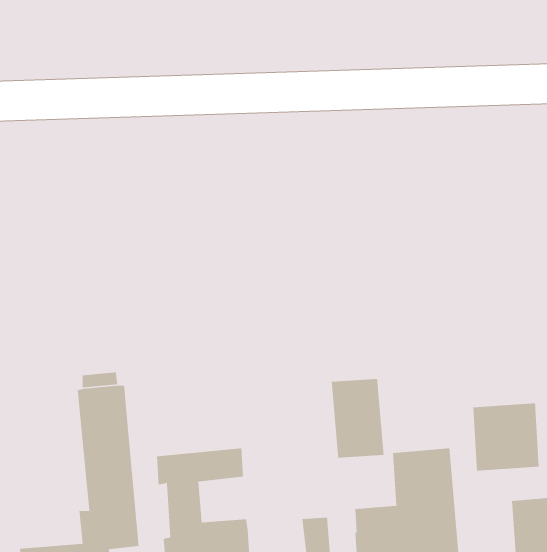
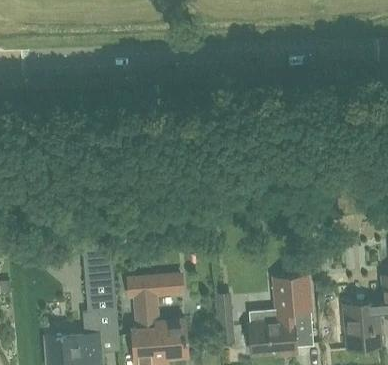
building: [331,378,385,458] -> none
building: [473,402,539,471] -> none

